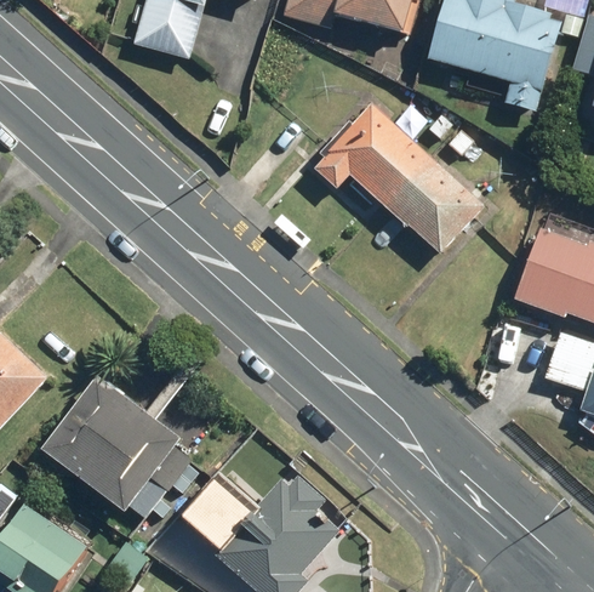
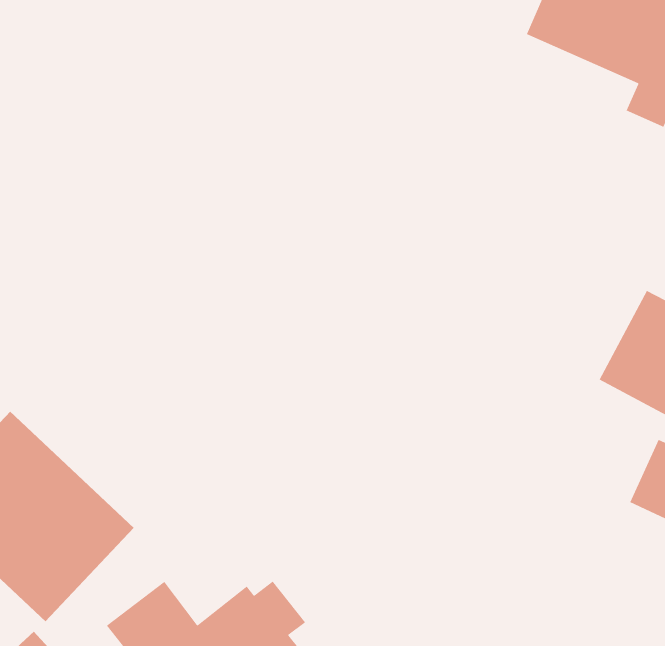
building: [314,102,485,254] -> none

